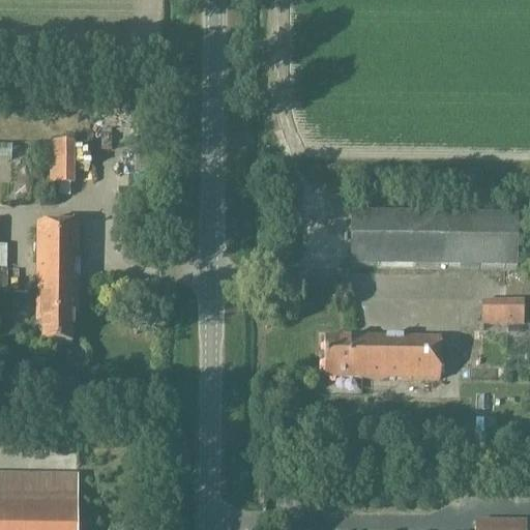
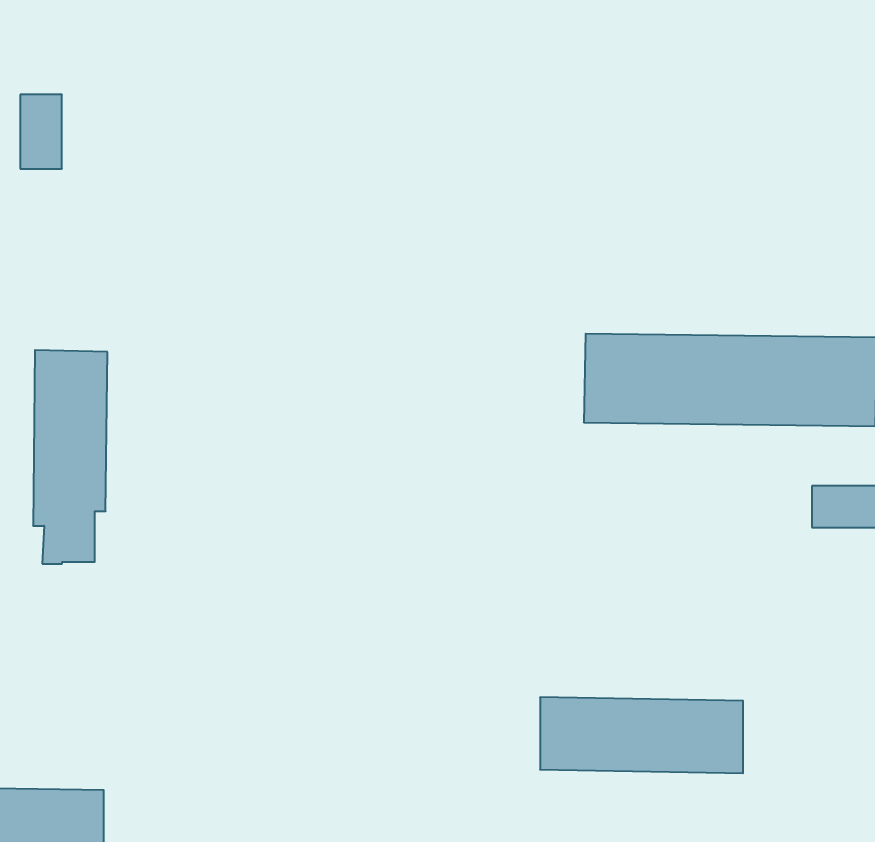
building: [50,138,73,180] -> [20,95,62,169]
building: [324,332,440,376] -> [540,697,743,773]

